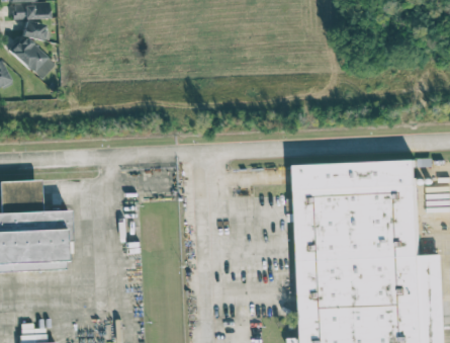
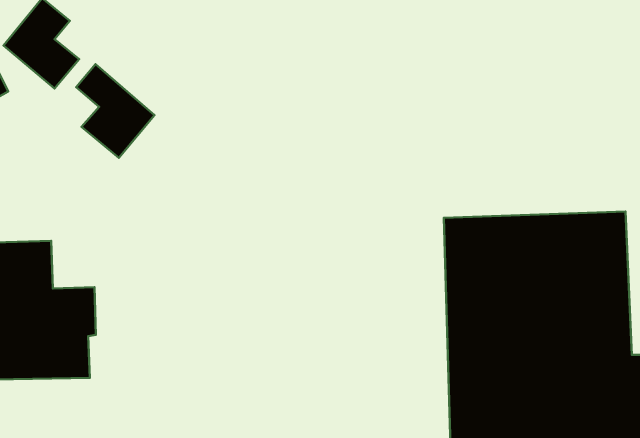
building: none -> [76,64,154,158]

